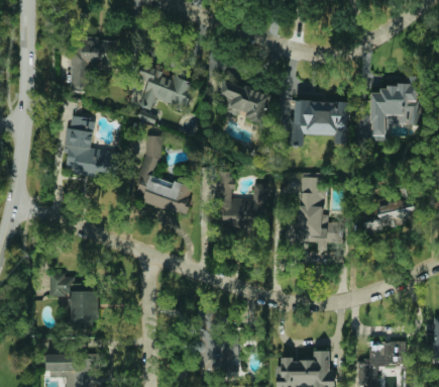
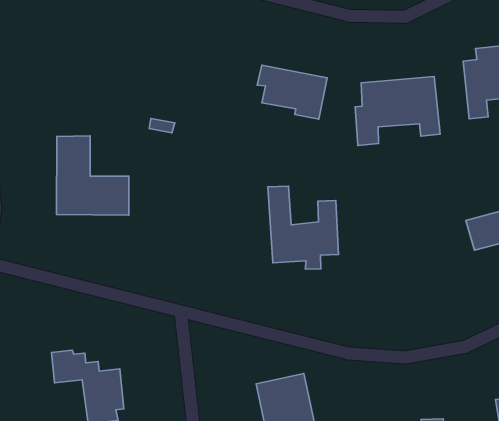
building: [71,41,120,93] -> none
building: [137,66,195,110] -> none
building: [137,134,193,215] -> none
building: [286,177,343,251] -> none

